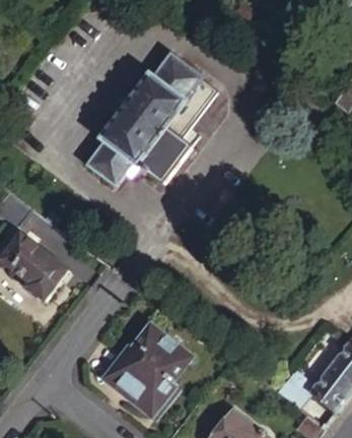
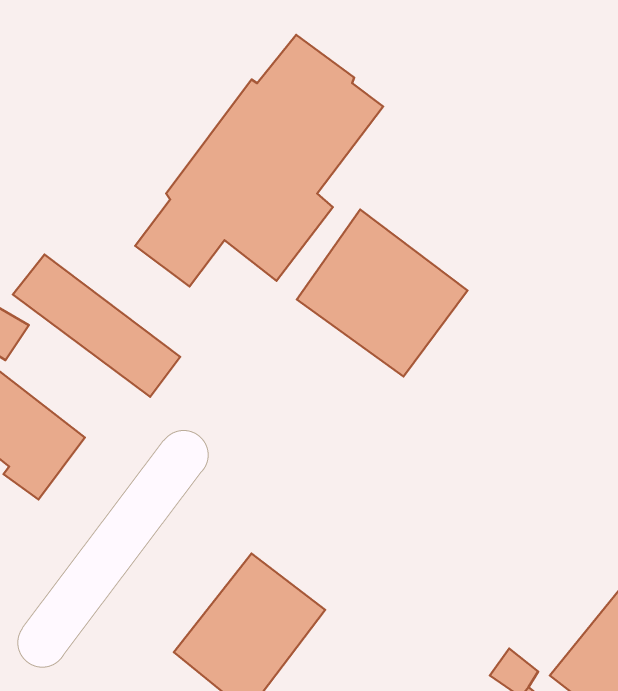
building: none -> [297,209,468,376]
building: none -> [13,255,180,397]

